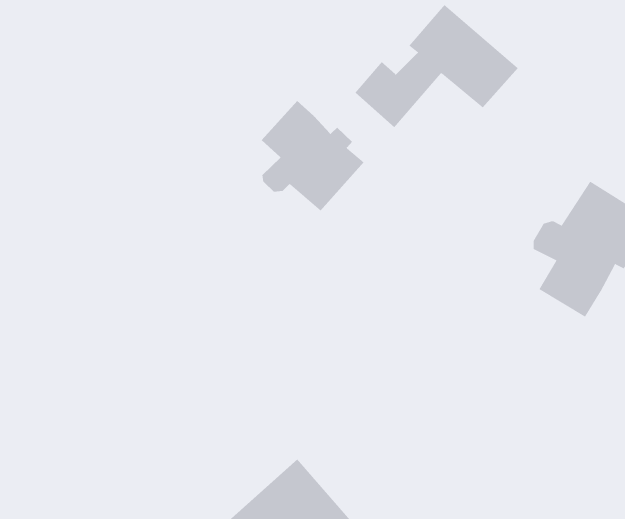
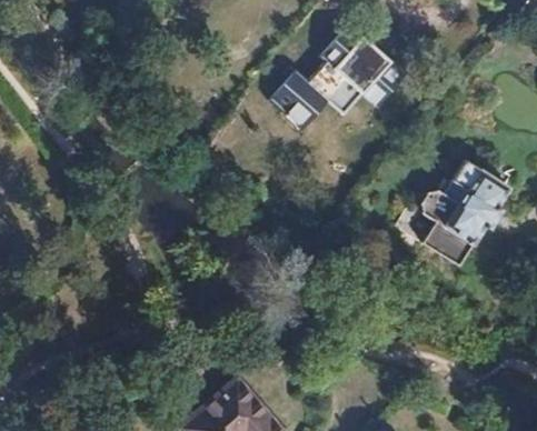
building: [261,100,364,211] -> none

